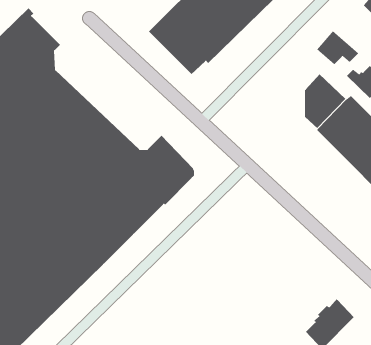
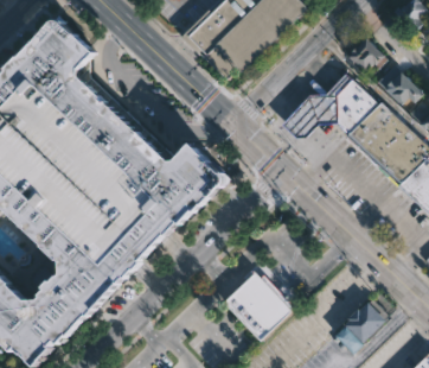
building: none -> [282,74,350,135]
building: none -> [223,272,292,341]

